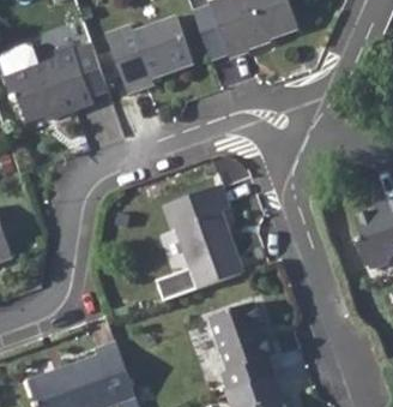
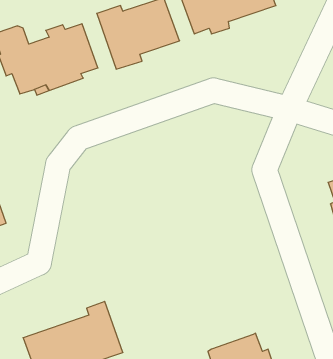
building: [156,185,243,303] -> none
building: [211,304,274,391] -> none

